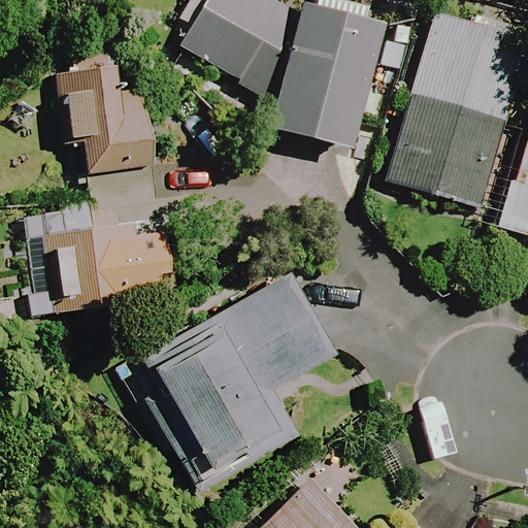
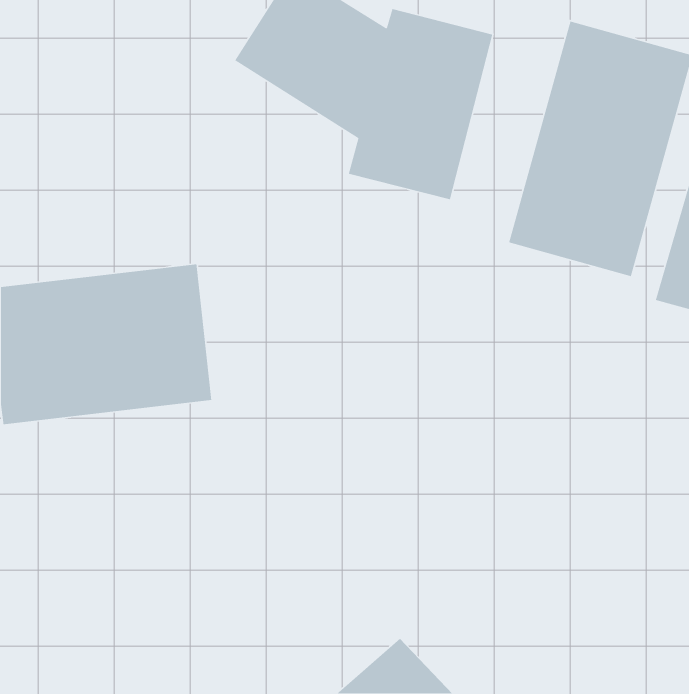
building: [56,45,158,175] -> none
building: [142,273,332,474] -> none

